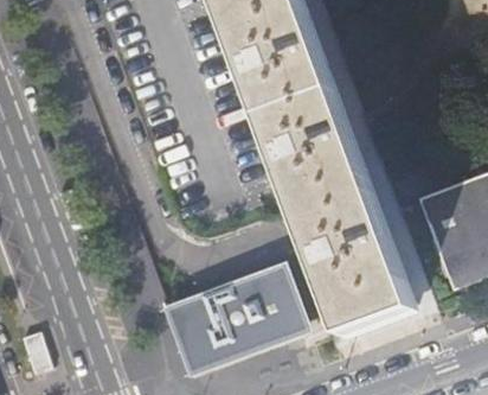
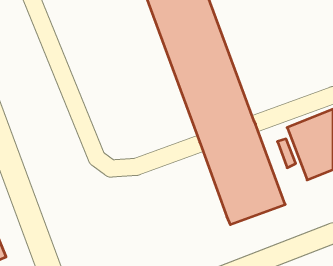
building: [159,265,303,375] -> none

